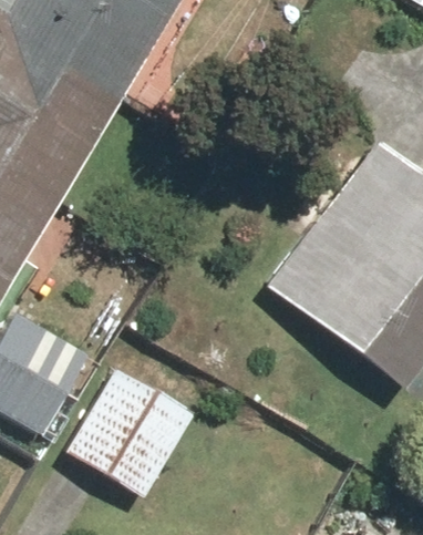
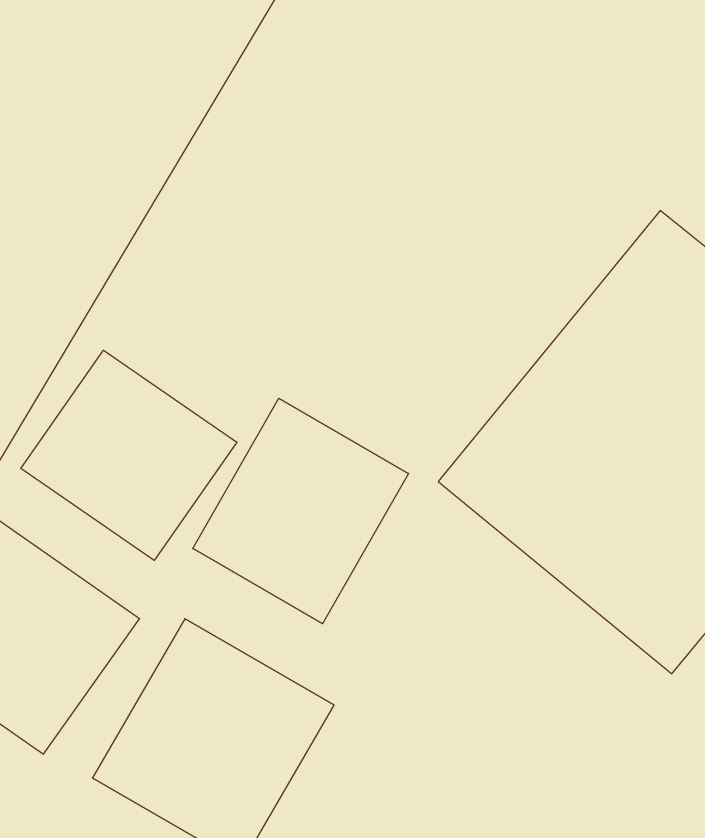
building: none -> [21,350,237,560]
building: none -> [193,398,409,624]

